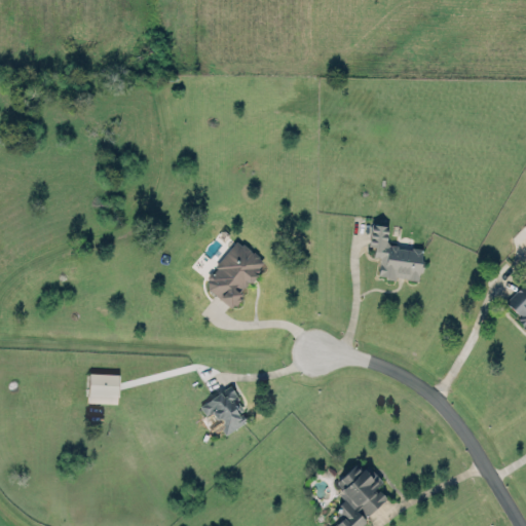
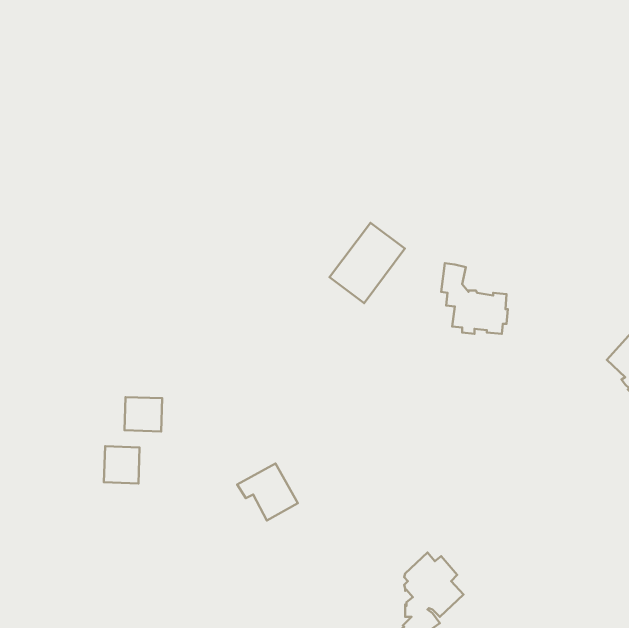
building: [203,241,266,308] -> [330,223,405,303]
building: none -> [124,397,162,431]

